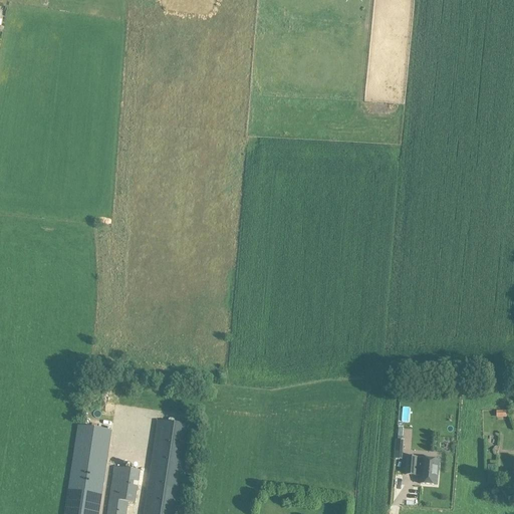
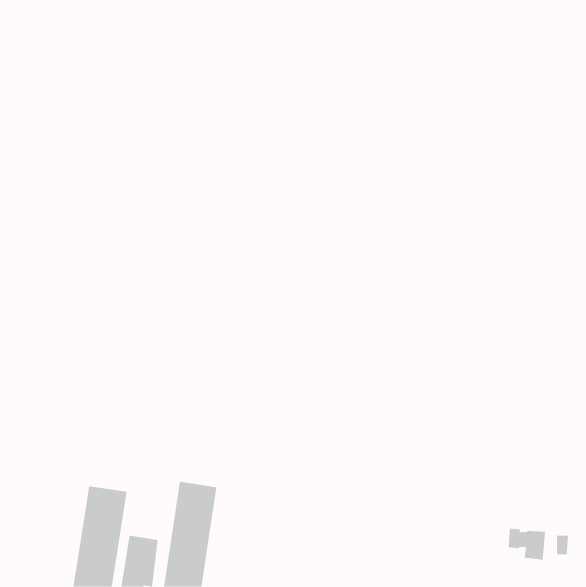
building: [405,458,438,486] -> [508,528,546,560]

